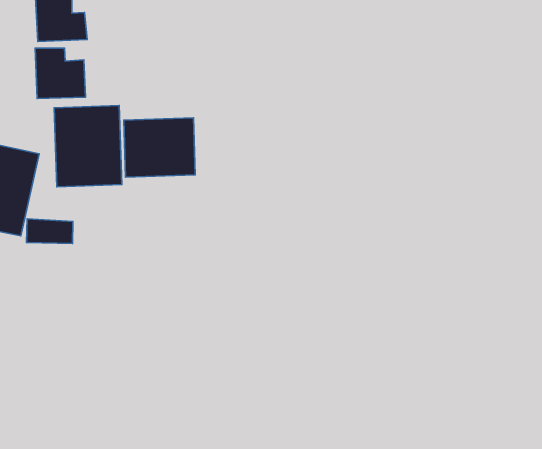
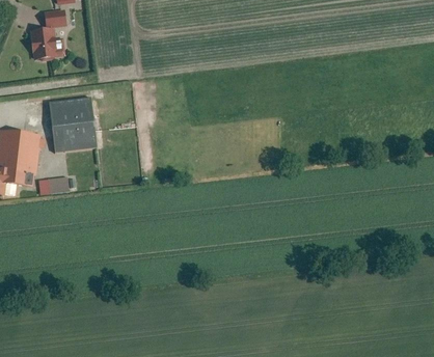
building: [35,48,86,99] -> none
building: [124,118,195,177] -> none

